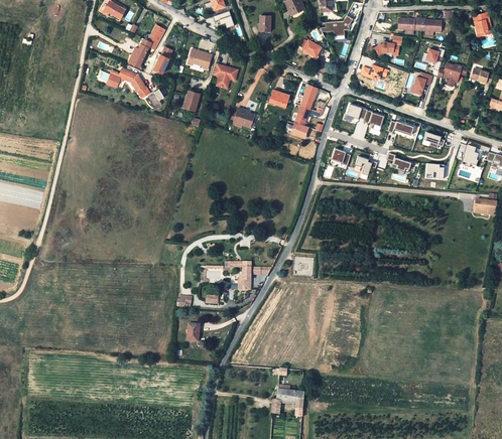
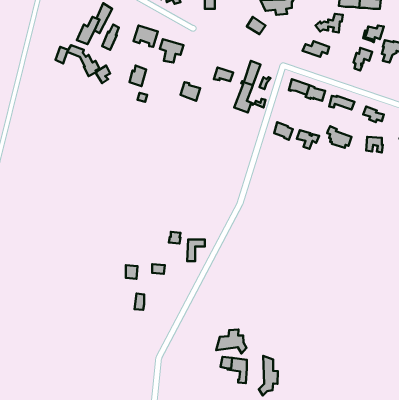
building: none -> [216,330,246,353]
building: none -> [259,356,278,395]

